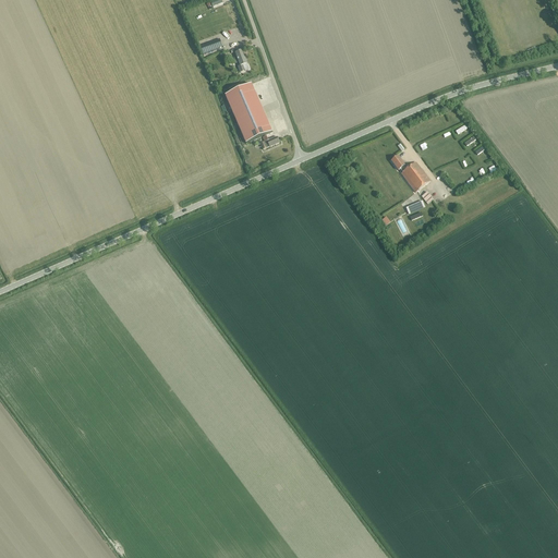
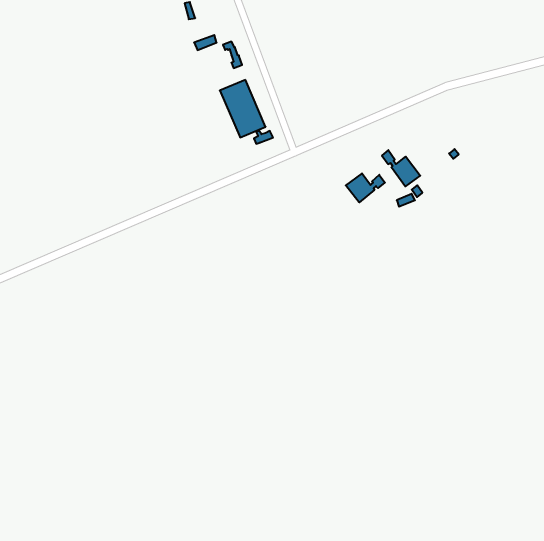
building: none -> [346,173,385,202]

